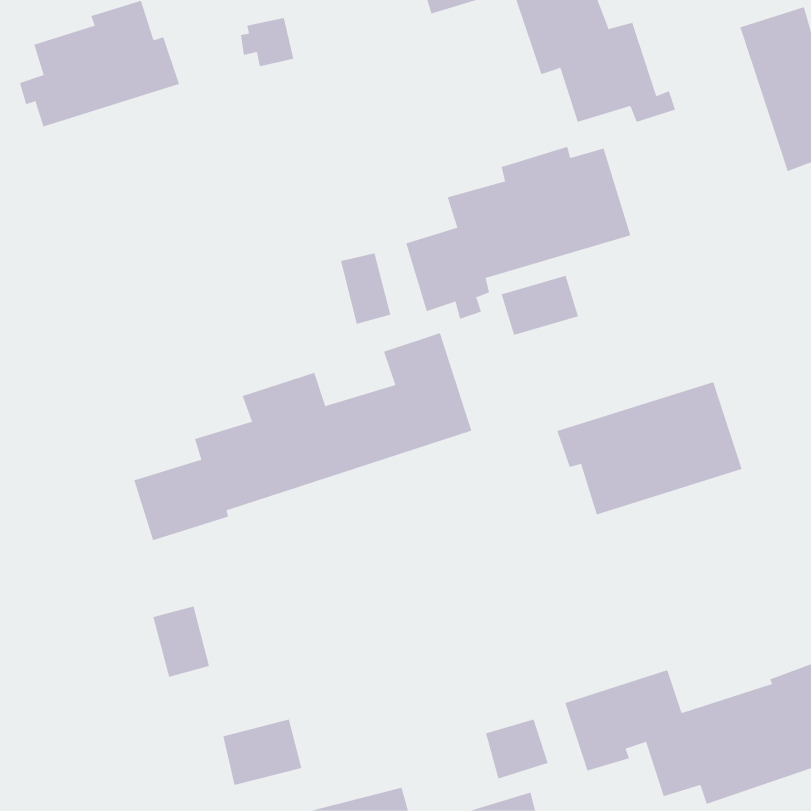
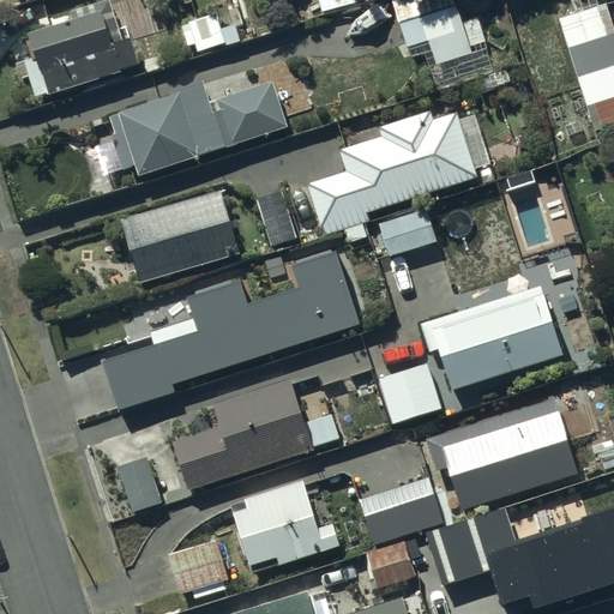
building: none -> [108,79,288,175]
building: none -> [120,189,240,282]
building: none -> [379,362,443,422]
building: none -> [174,378,339,489]
building: none -> [425,397,580,507]
building: none -> [361,477,443,542]
building: none -> [233,481,338,567]

